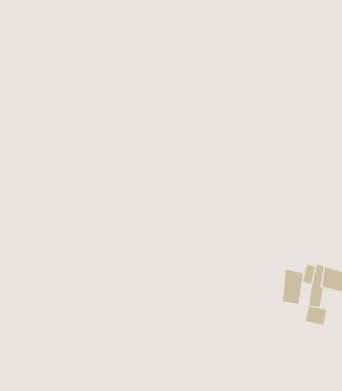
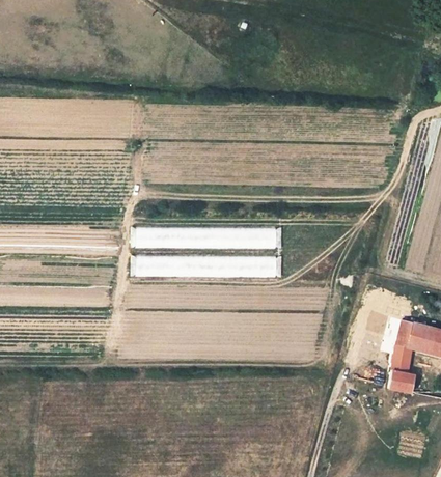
building: [282,269,304,304] -> none

